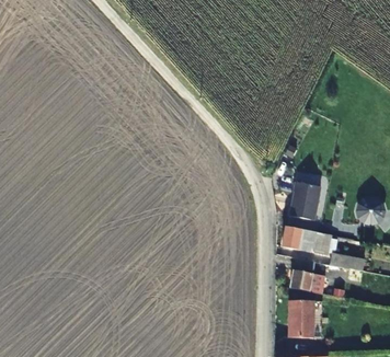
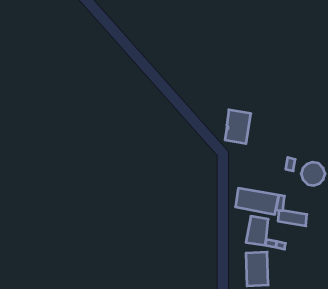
building: [289,182,319,220] -> [225,110,251,144]

